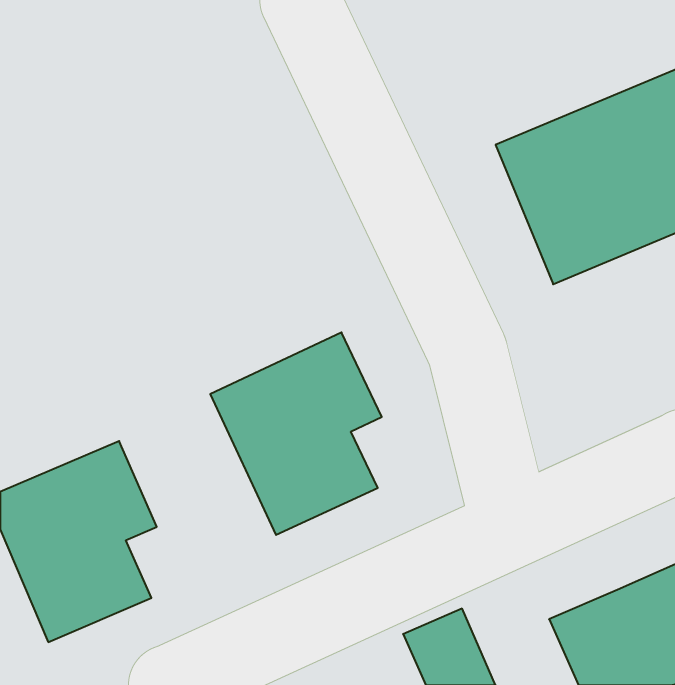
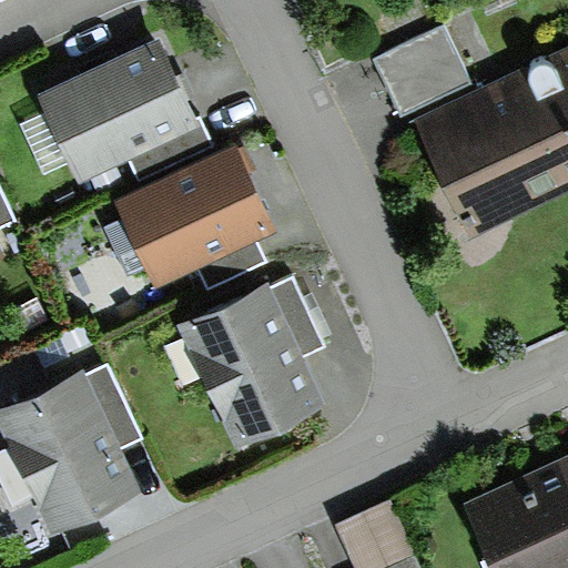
building: none -> [381,31,469,112]
building: none -> [39,40,195,179]
building: none -> [115,146,270,281]

